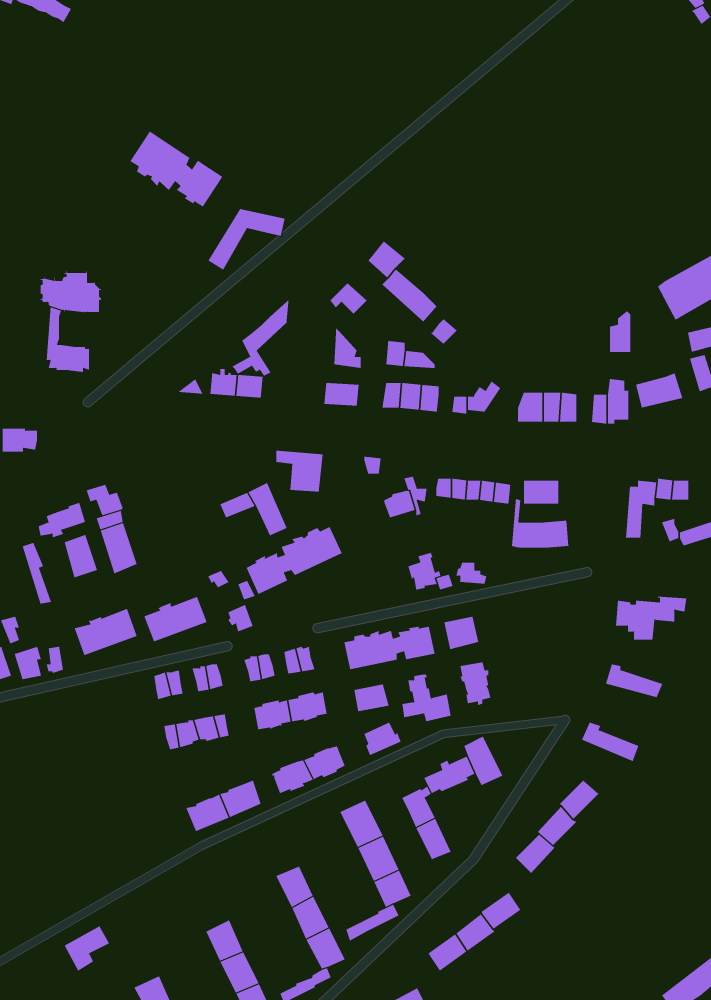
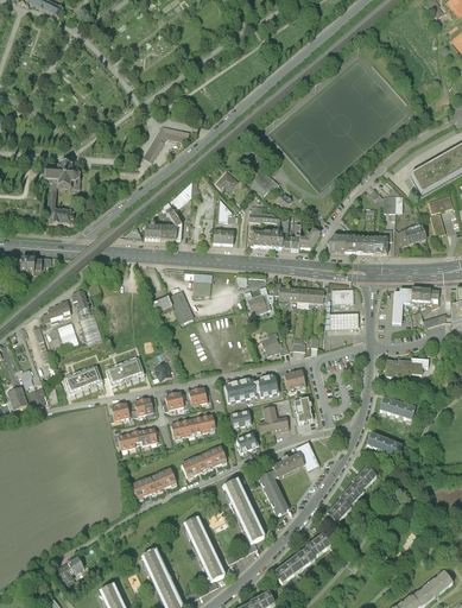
building: [130,130,223,208] -> none
building: [246,526,343,595] -> none

